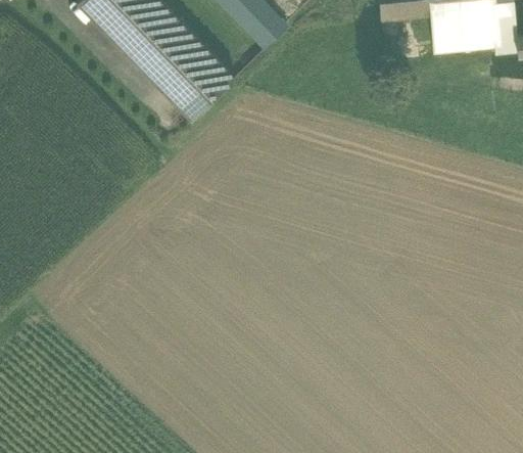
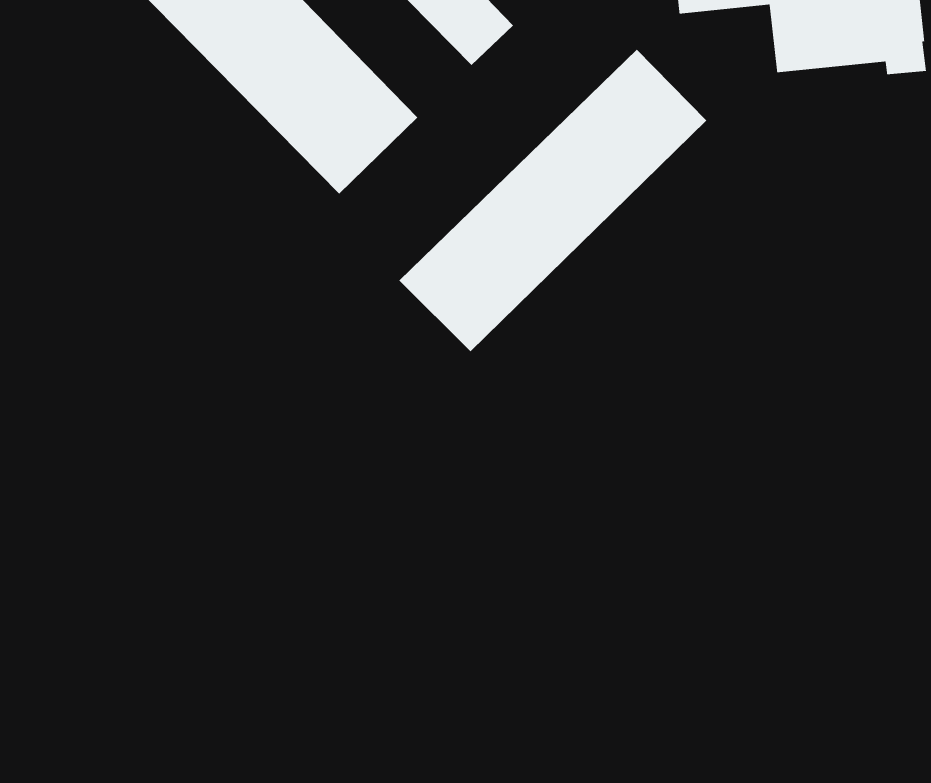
building: none -> [399,49,707,352]

